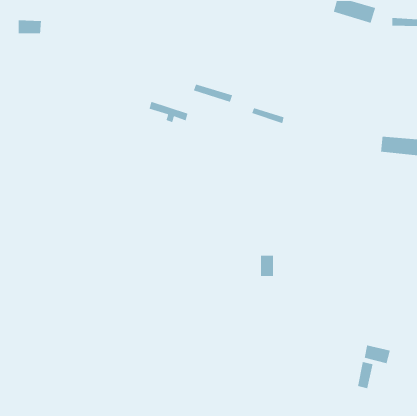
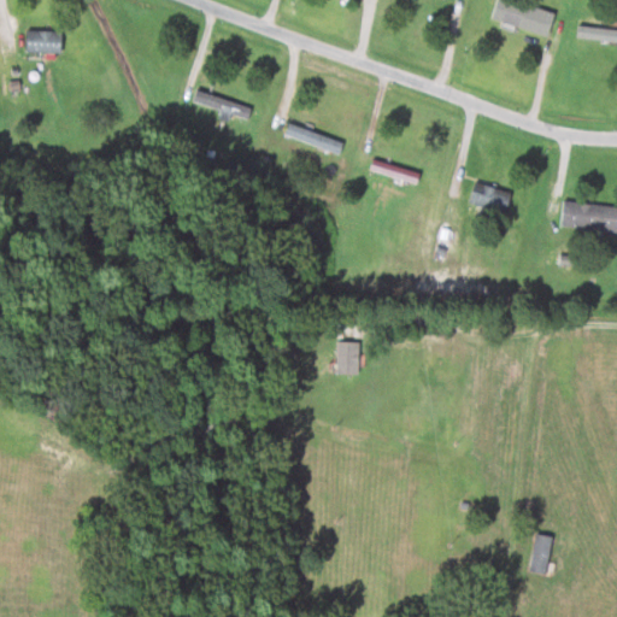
building: [148,101,188,123] -> [194,90,253,123]
building: none -> [471,184,512,212]
building: [260,255,274,277] -> [336,343,357,376]
building: [364,345,391,364] -> none

